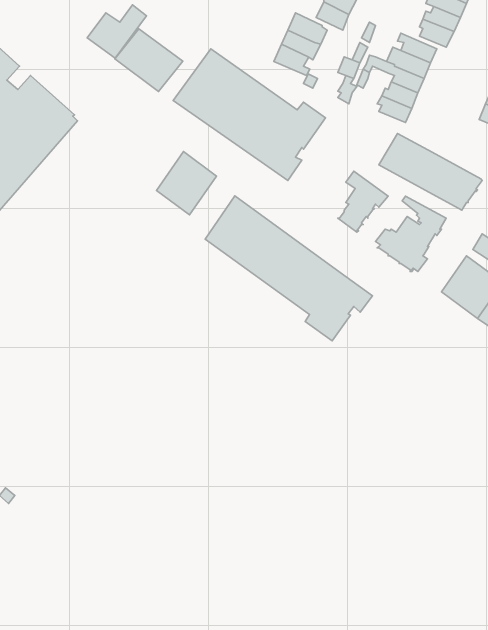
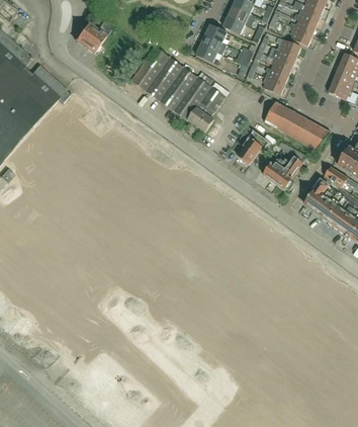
building: [115,29,183,91] -> none
building: [157,152,217,215] -> none
building: [205,196,372,341] -> none

